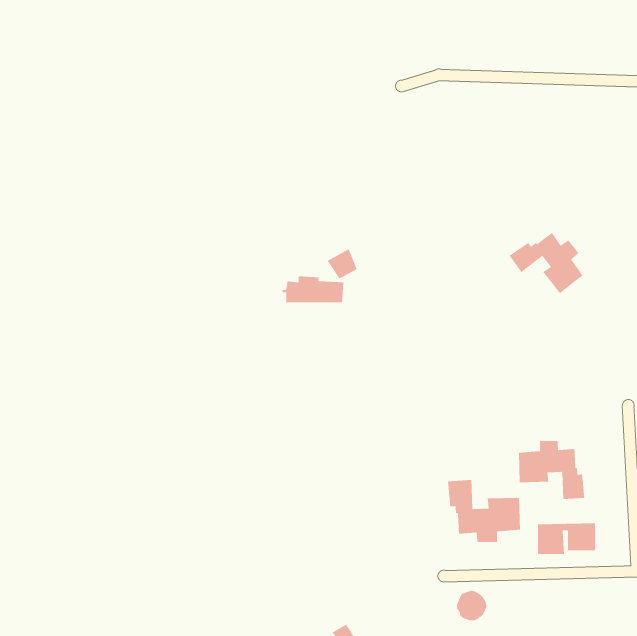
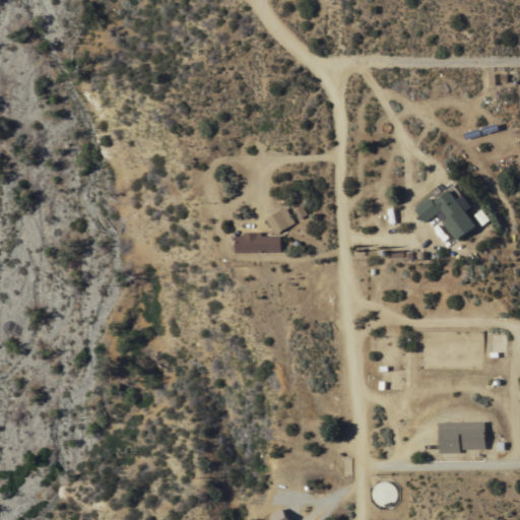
building: [518,440,585,500] -> none
building: [447,479,521,543] -> none

